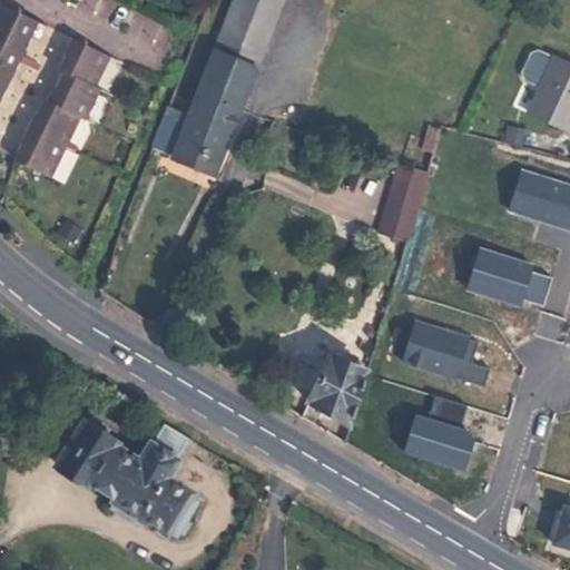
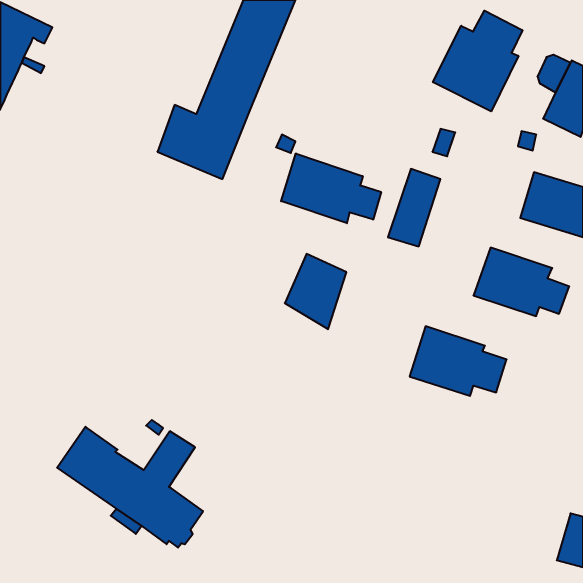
building: none -> [433,11,522,111]
building: [20,39,111,178] -> none
building: none -> [281,153,381,223]
building: [308,353,368,426] -> [285,254,346,329]
building: [404,395,473,471] -> none

